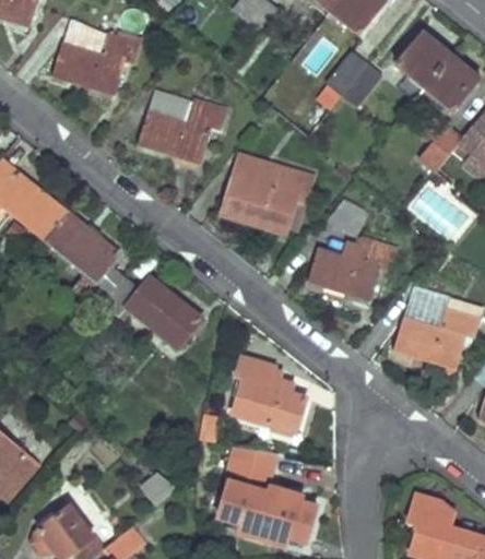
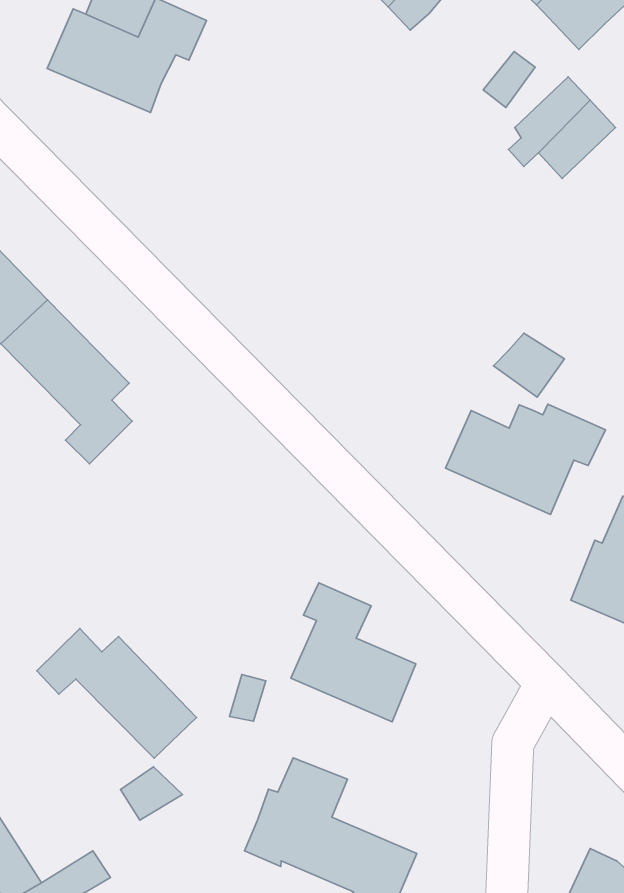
building: [139,98,227,160] -> none
building: [222,155,312,234] -> none
building: [104,275,199,345] -> [37,628,197,758]

